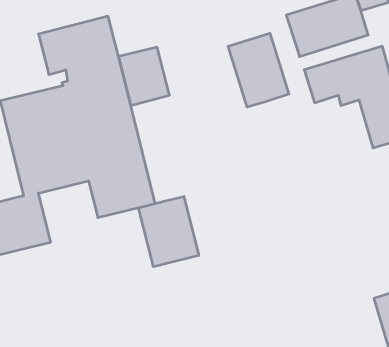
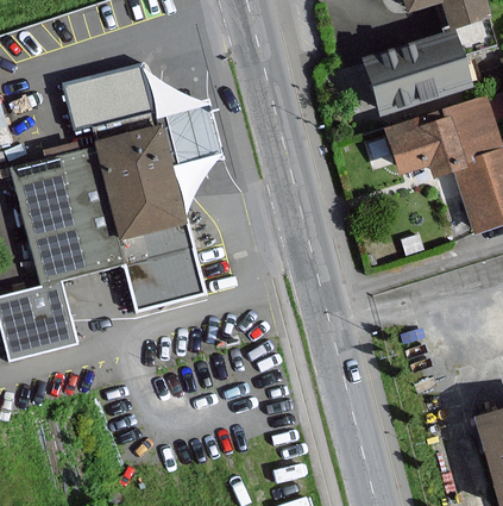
building: [228,33,289,107] -> none
building: [139,196,199,267] -> none

